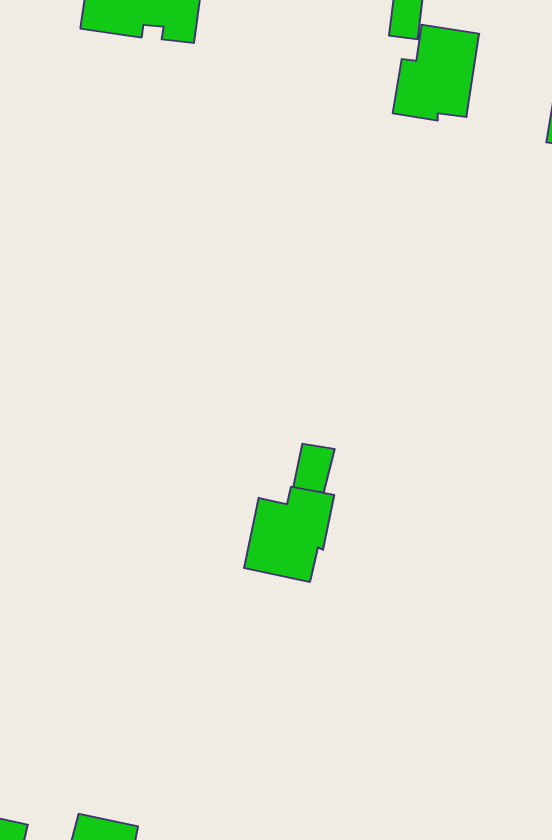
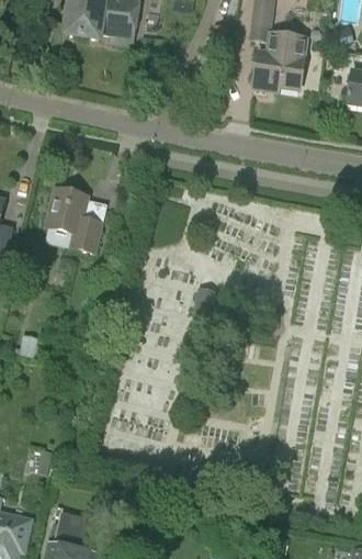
building: none -> [45,189,101,254]
building: [244,487,334,582] -> none

